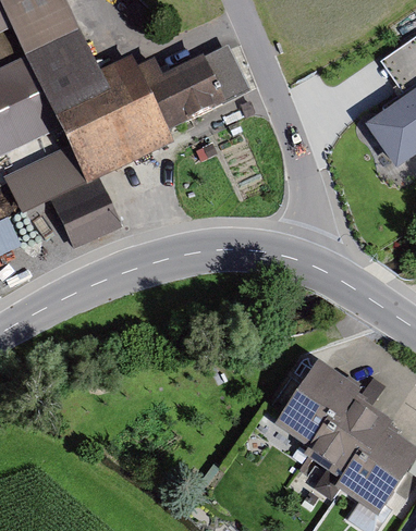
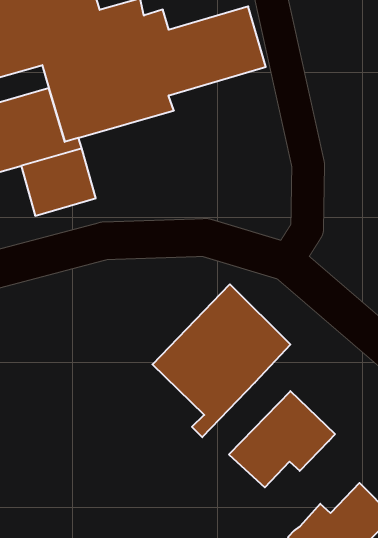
building: none -> [152,284,290,437]
building: [302,399,391,480] -> none

